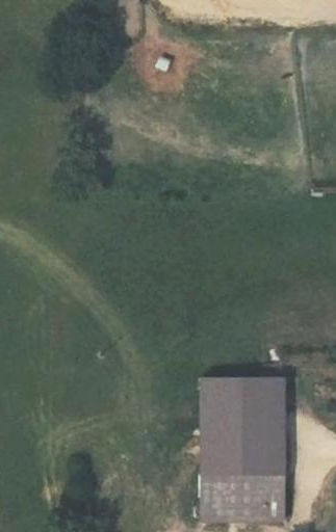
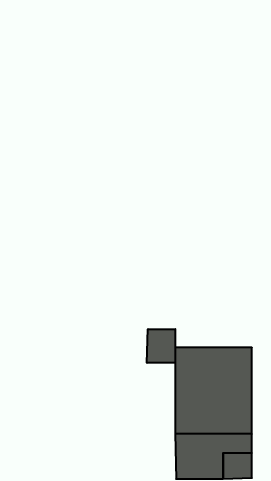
building: none -> [147,329,175,363]

